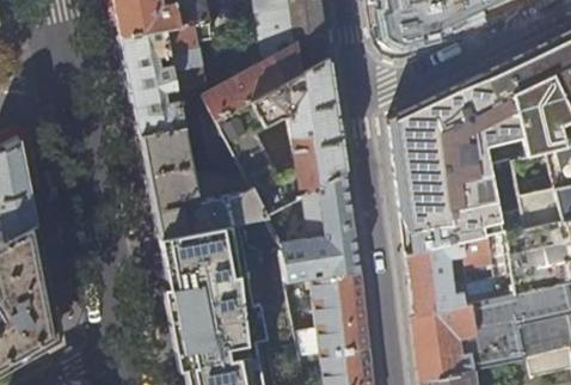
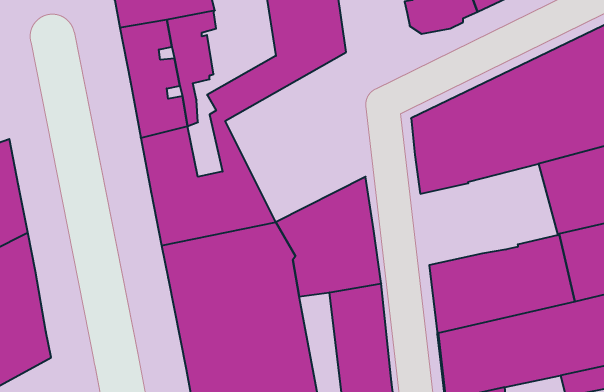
building: [217,60,346,216] -> none
building: [397,163,523,256] -> none

